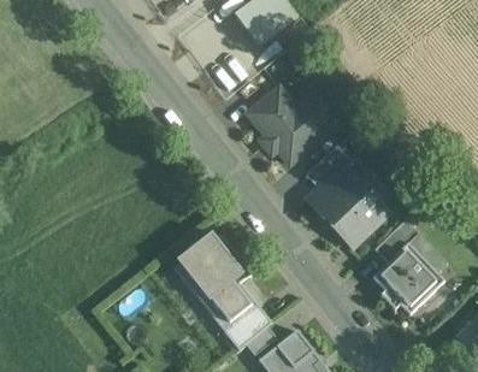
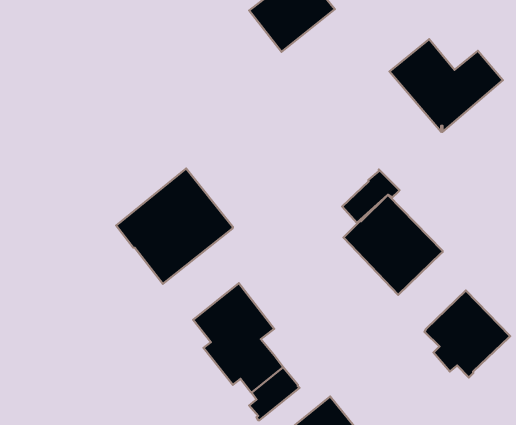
building: [247,88,340,164] -> [389,39,503,132]
building: none -> [116,168,233,284]
building: [374,219,418,262] -> none

